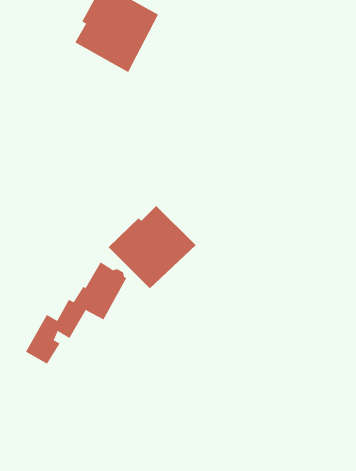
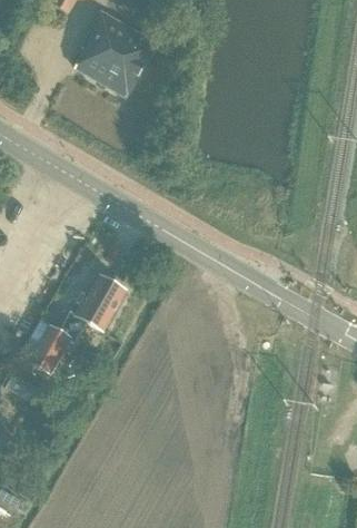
building: [108,205,197,289] -> none

